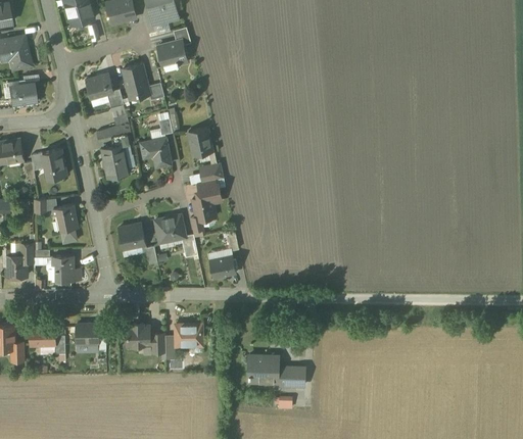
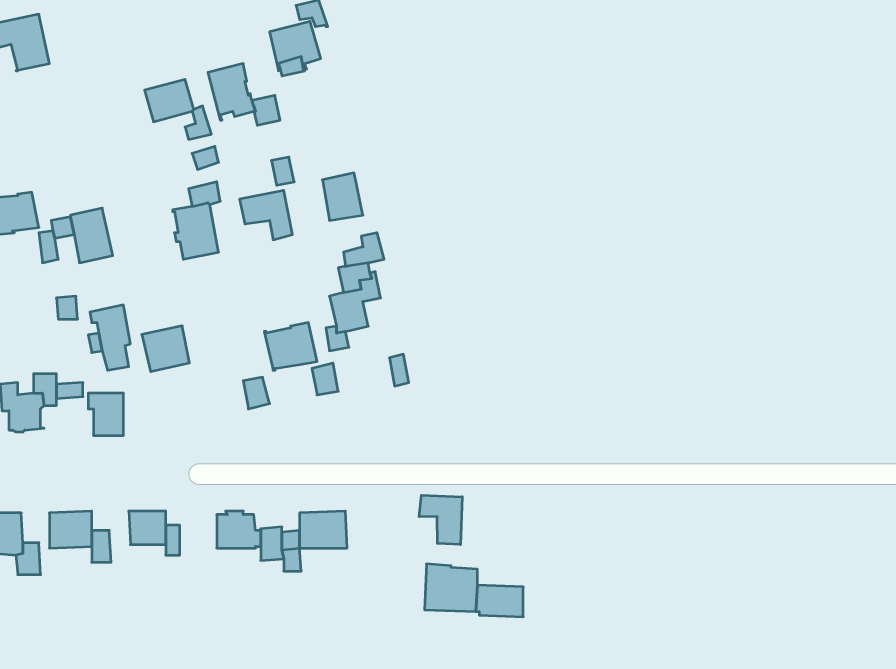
building: [8,82,36,106] -> none
building: [117,223,145,249] -> [142,326,189,372]
building: [208,255,236,278] -> none
building: none -> [419,495,462,545]

